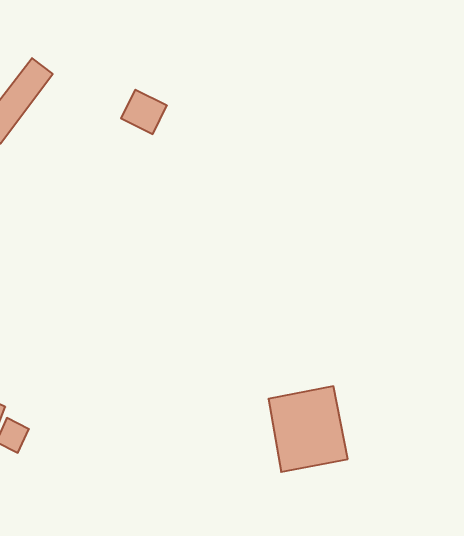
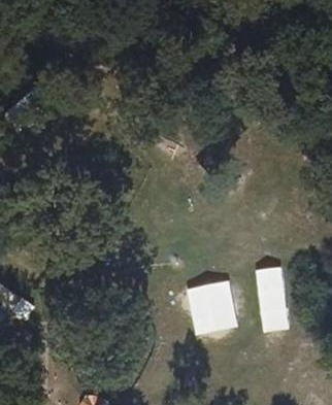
building: none -> [257,266,287,330]

